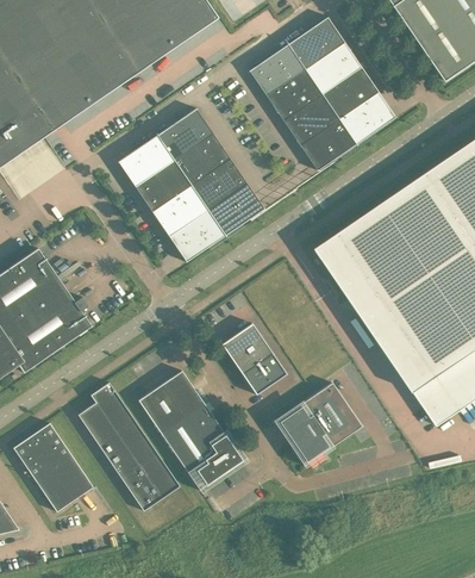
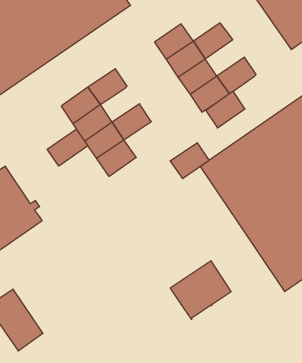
building: [289,18,345,69] -> none
building: [324,67,380,119] -> [206,91,245,128]
building: [174,133,230,185] -> none
building: [207,184,263,235] -> [170,143,209,179]
building: none -> [47,129,88,166]
building: [221,323,286,394] -> none
building: [137,371,246,491] -> none
building: [77,383,180,511] -> none

